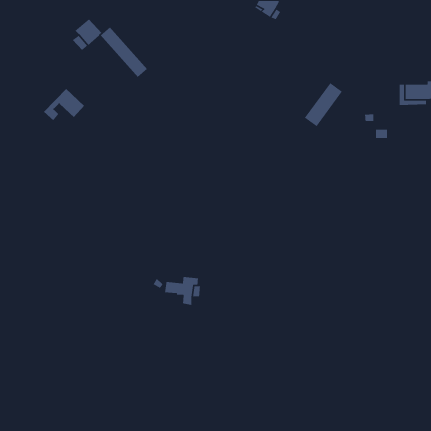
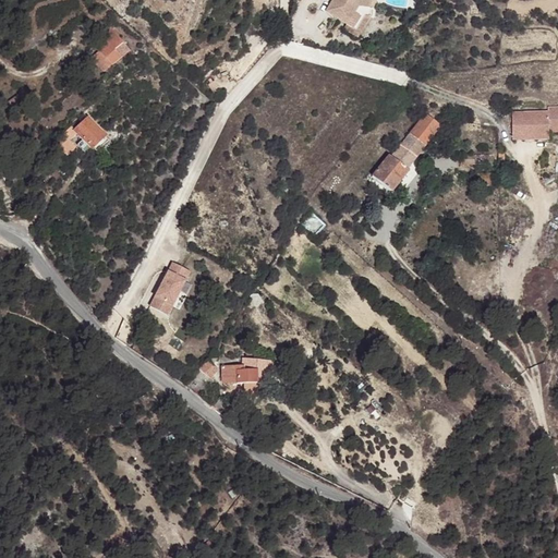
building: [100,26,148,78] -> none
building: none -> [373,151,412,191]
building: none -> [148,258,185,311]

